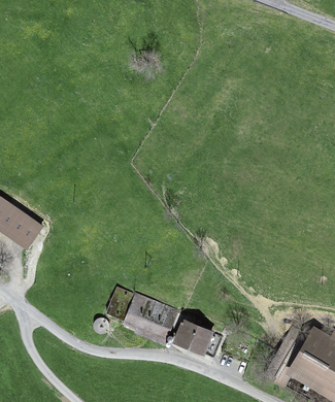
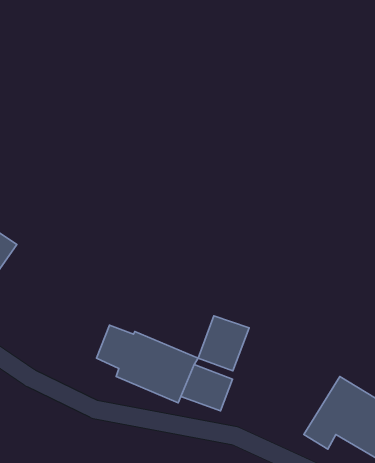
building: none -> [198,316,249,371]

